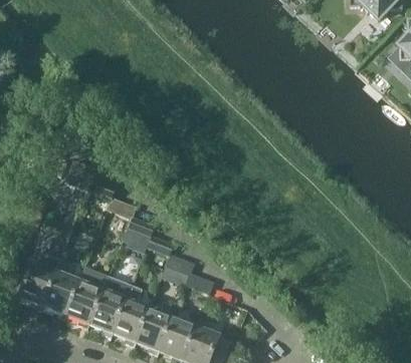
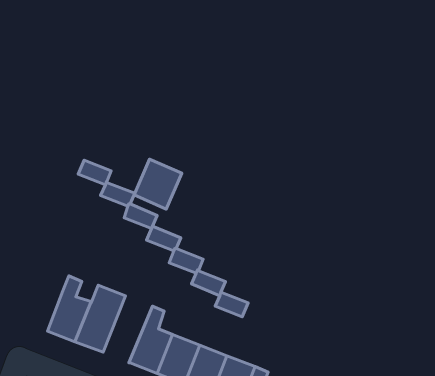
building: none -> [134,159,182,209]
building: [18,263,55,306] -> none
building: [89,276,132,337] -> none

